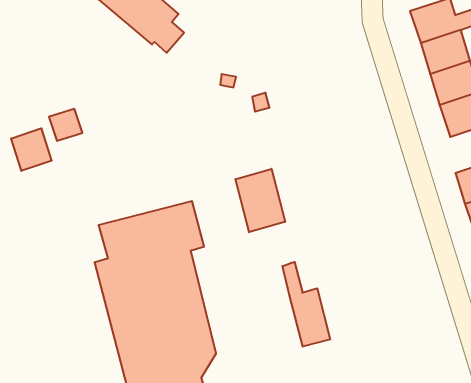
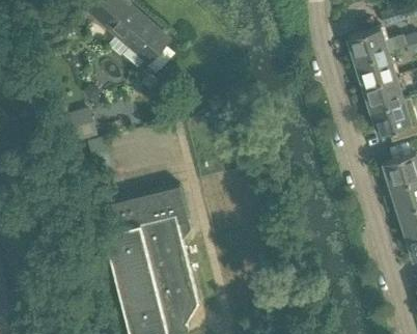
building: [11,128,52,171] -> none
building: [235,169,285,232] -> none
building: [282,262,330,347] -> none

